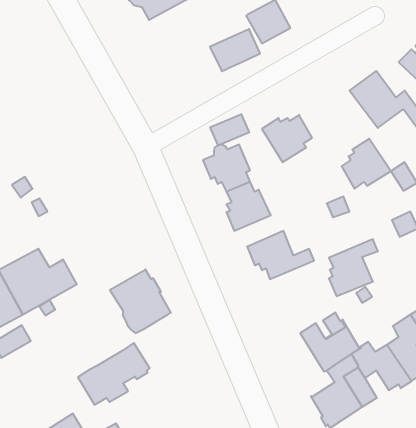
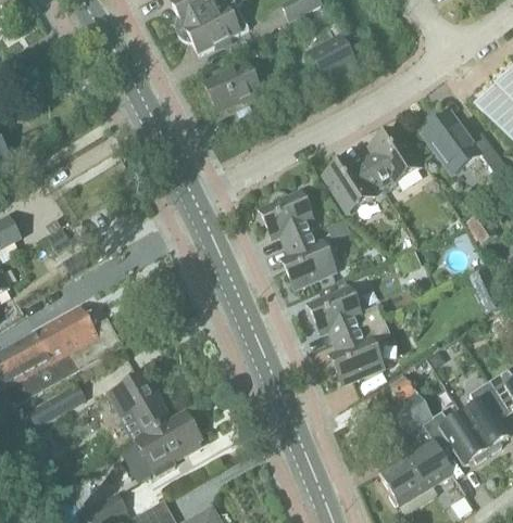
building: [210,29,260,71] -> [204,63,260,110]
building: [210,114,249,145] -> none
building: [342,139,391,189] -> [366,129,421,184]
building: [329,239,378,296] -> [334,320,388,383]
building: [110,269,171,333] -> [107,370,174,441]

